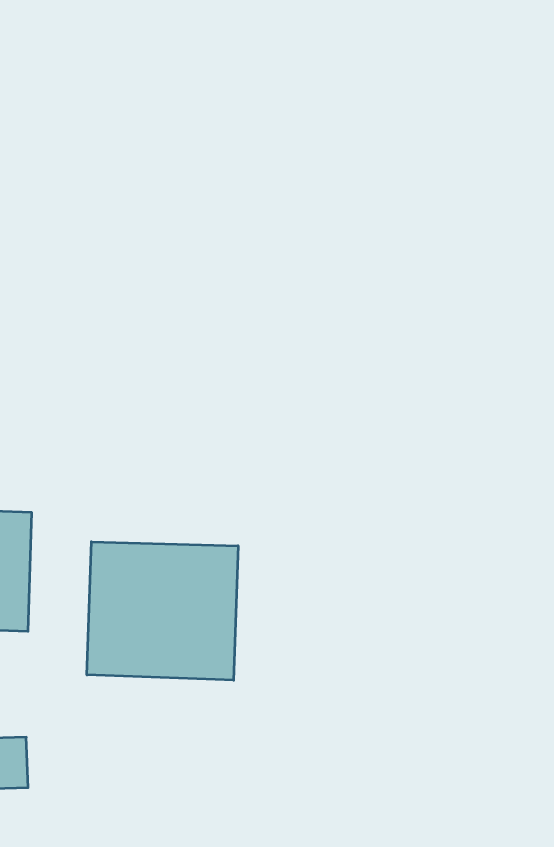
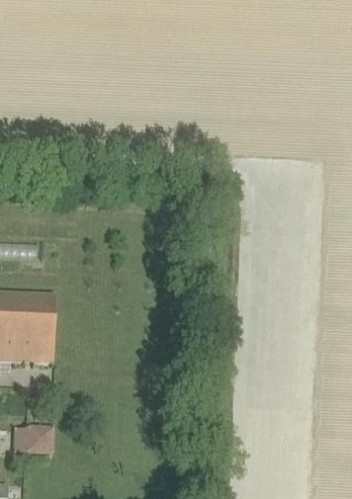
building: [87,542,238,680] -> none

